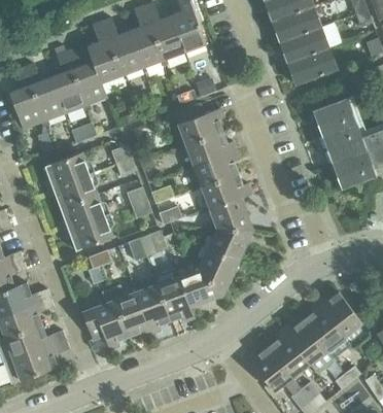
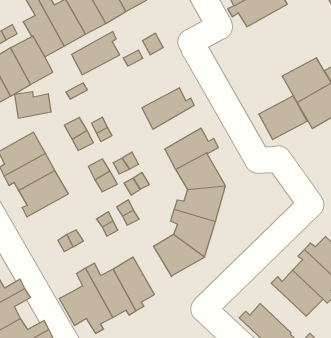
building: [312,98,356,136] -> [259,96,307,140]
building: [178,109,223,145] -> [71,32,120,75]
building: [193,150,238,187] -> none
building: [62,215,112,250] -> none
building: [153,270,194,322] -> none
building: [268,329,309,378] -> none

